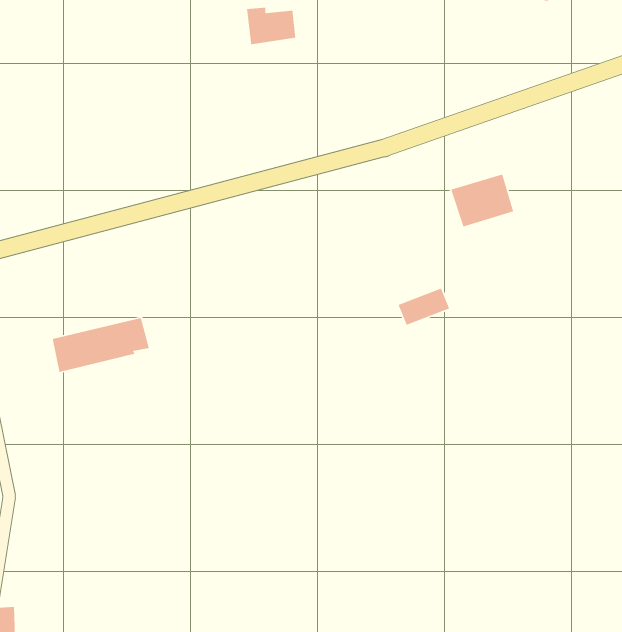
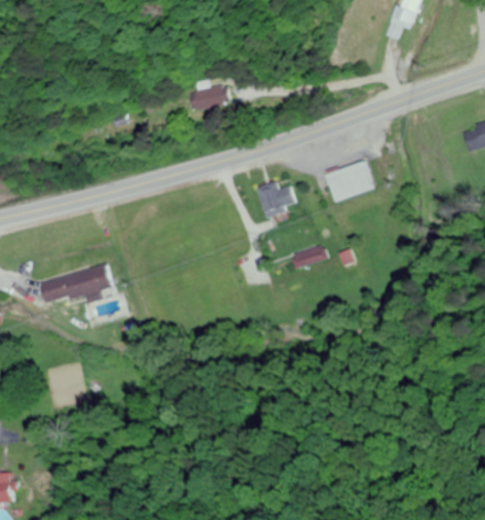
building: [246,7,296,45] -> [194,81,230,109]
building: none -> [255,181,295,215]

